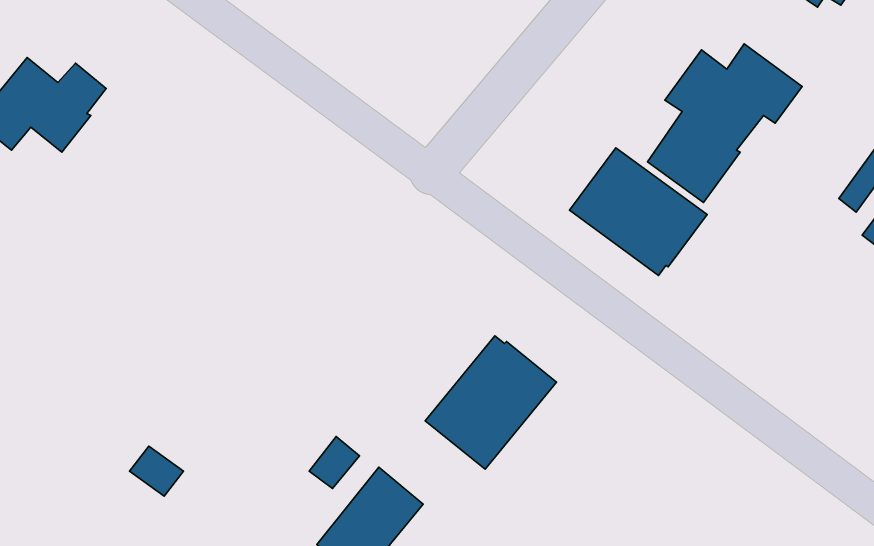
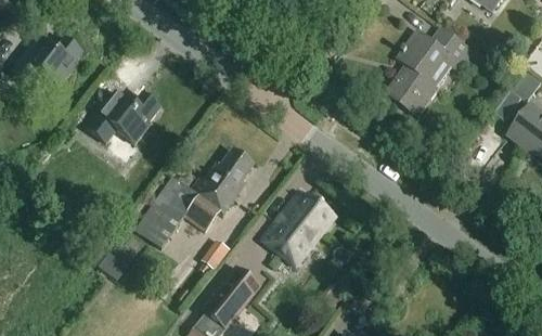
building: [569,148,707,276] -> none
building: none -> [87,90,160,142]
building: none -> [134,148,254,246]

